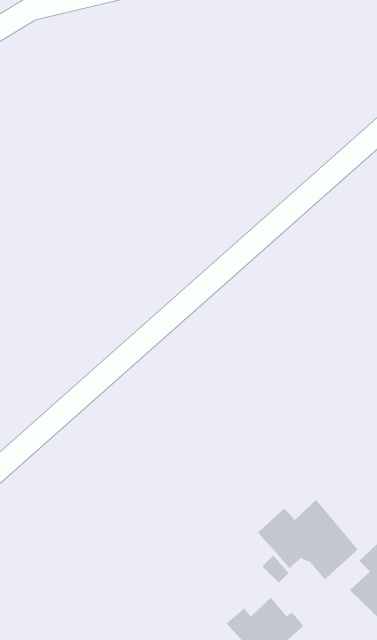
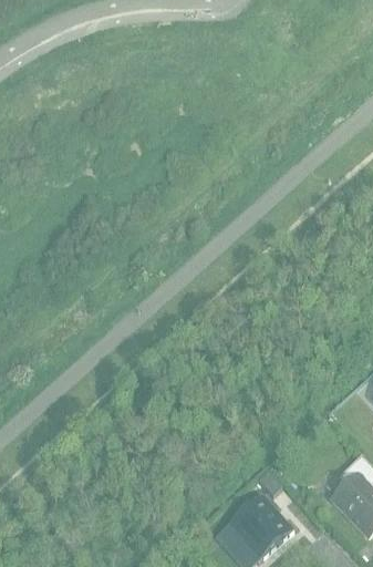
building: [257,499,358,580] -> none

